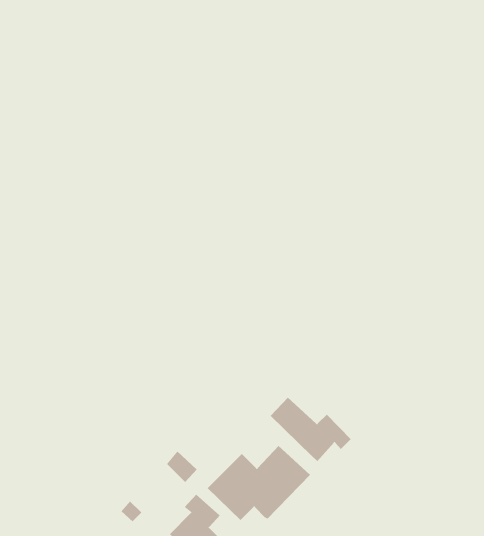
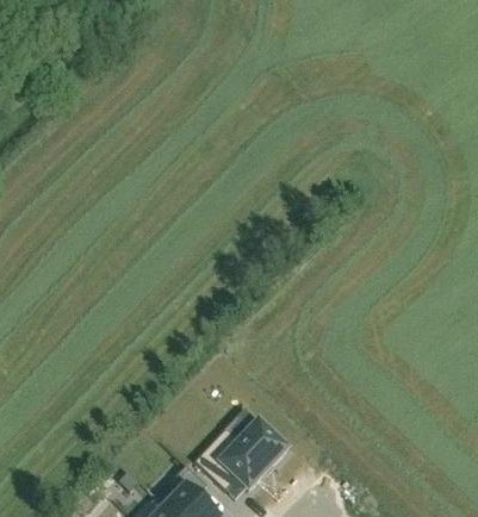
building: [270,397,352,462] -> none

